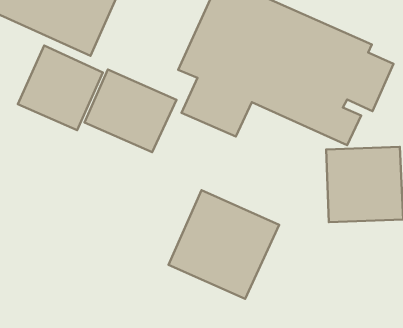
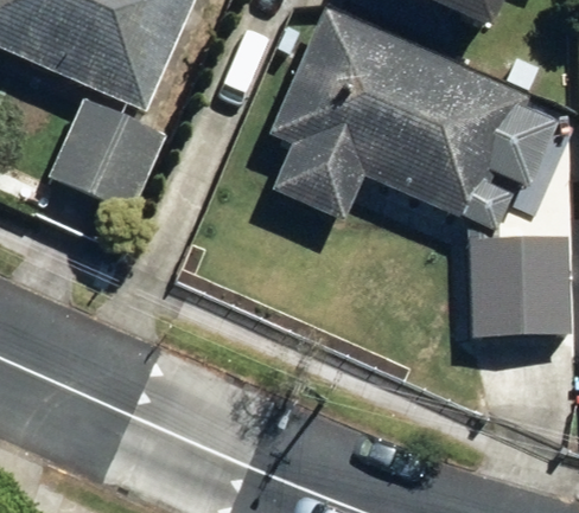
building: [85,70,176,152] -> none
building: [168,190,279,299] -> none

